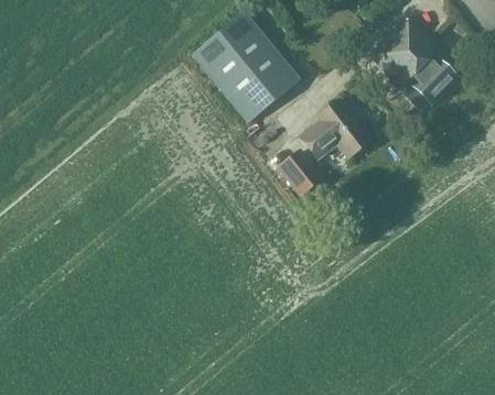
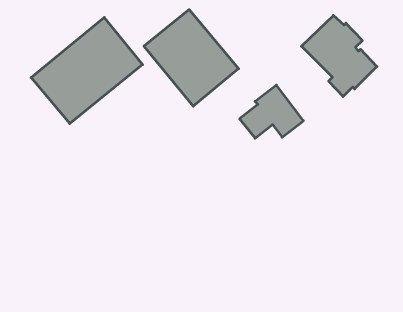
building: none -> [31,17,143,124]
building: [279,152,321,195] -> none

